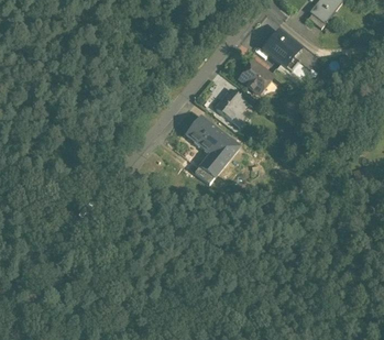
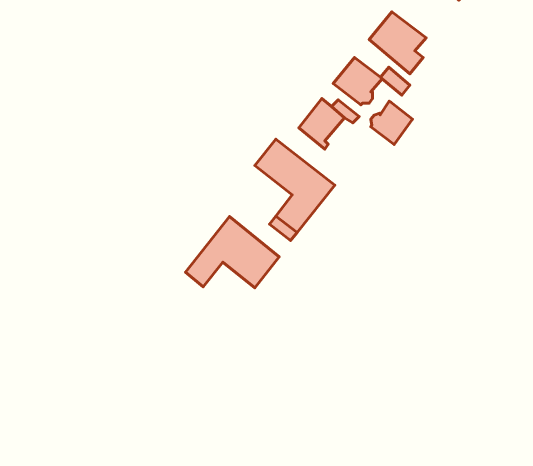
building: none -> [371,101,412,145]
building: none -> [185,216,279,288]

